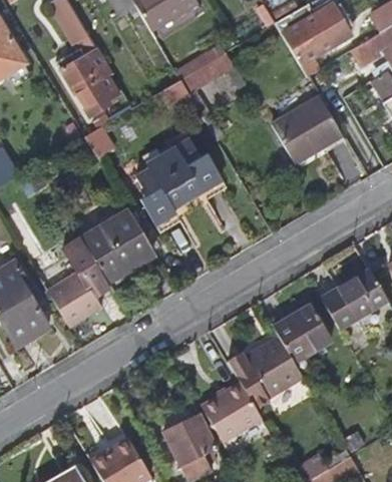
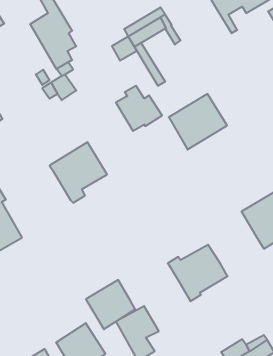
building: [271,94,343,163] -> [169,94,227,150]
building: [135,161,185,224] -> none
building: [49,246,108,327] -> none
building: [273,304,330,361] -> none
building: [202,382,263,443] -> [86,280,135,329]

